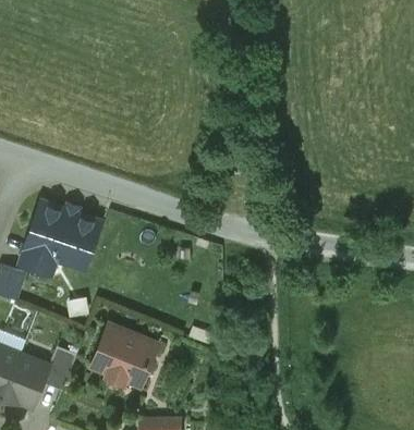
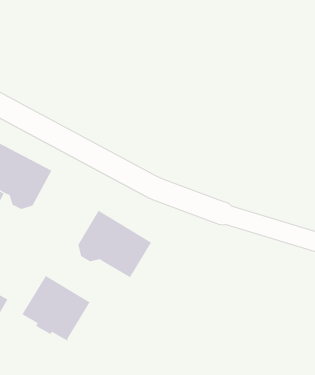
building: none -> [78,210,152,278]

